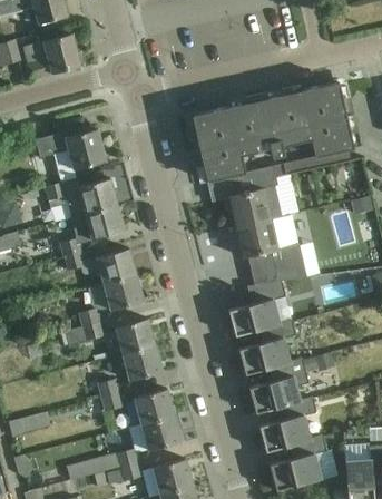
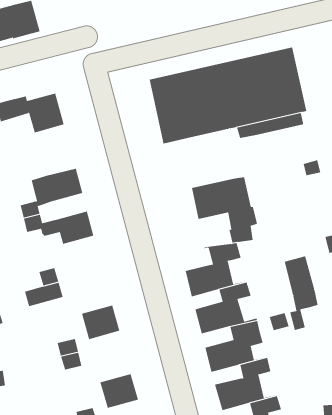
building: [228,165,281,225] -> none
building: [45,178,118,222] -> none
building: [104,274,144,310] -> none
building: none -> [284,256,318,331]
building: [116,319,155,353] -> none
building: [135,389,174,423] -> none

